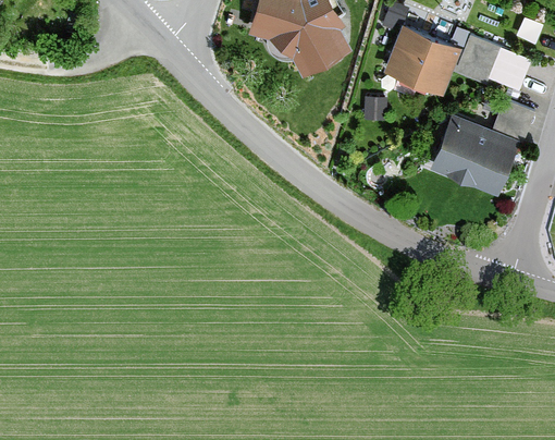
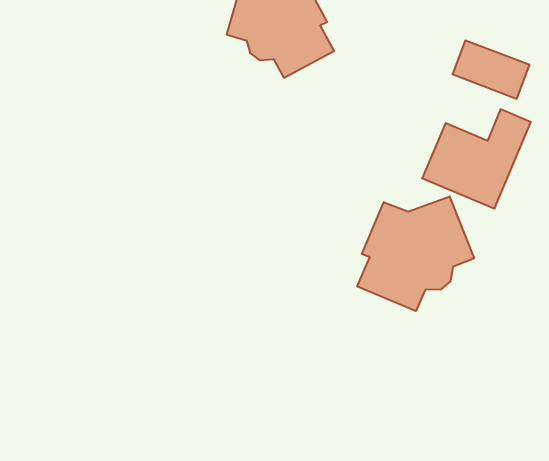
building: [383,7,460,93] -> none
building: none -> [357,196,474,311]

